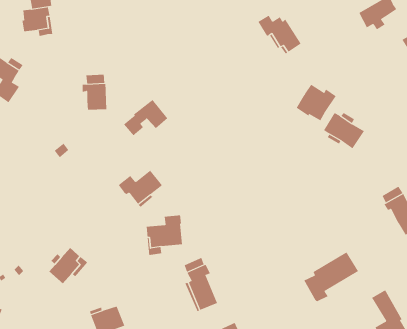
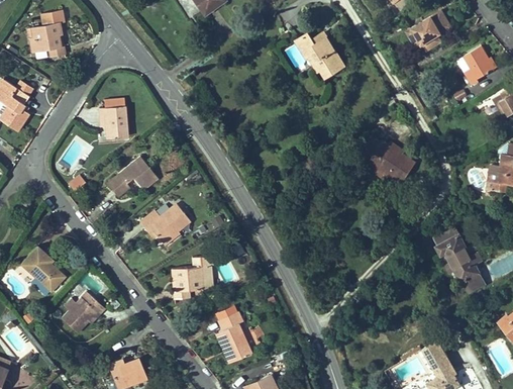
building: [296,84,336,121] -> none
building: [123,99,168,136] -> [105,158,156,199]
building: none -> [18,247,65,294]
building: [303,252,359,302] -> none

